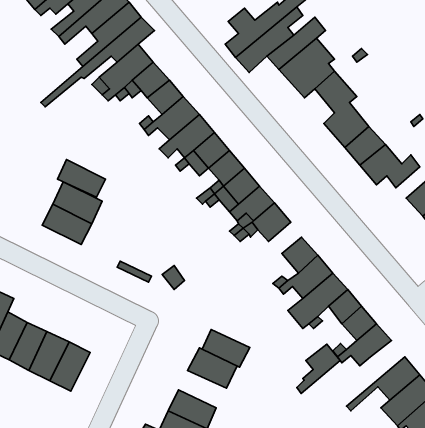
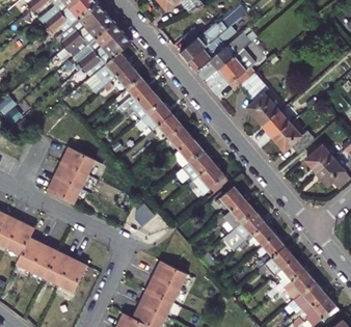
building: [57,160,105,197] -> [46,178,79,203]
building: [202,330,250,367] -> [146,278,180,304]
building: [297,344,340,394] -> [273,257,303,292]

